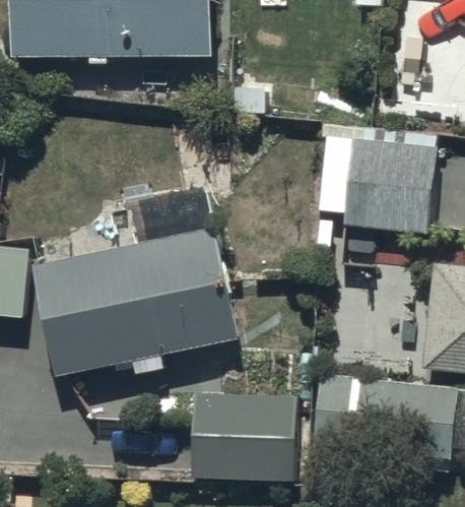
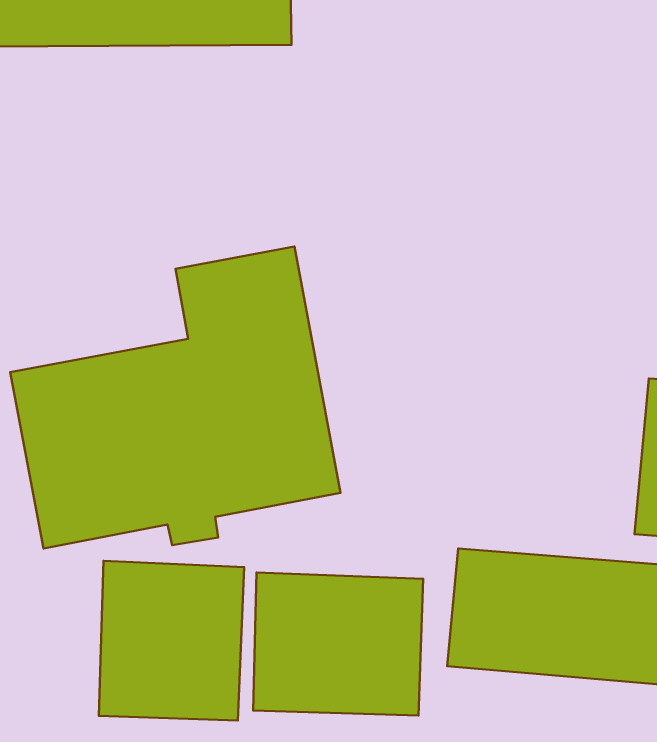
building: [310,121,440,233] -> none
building: none -> [99,561,244,721]

